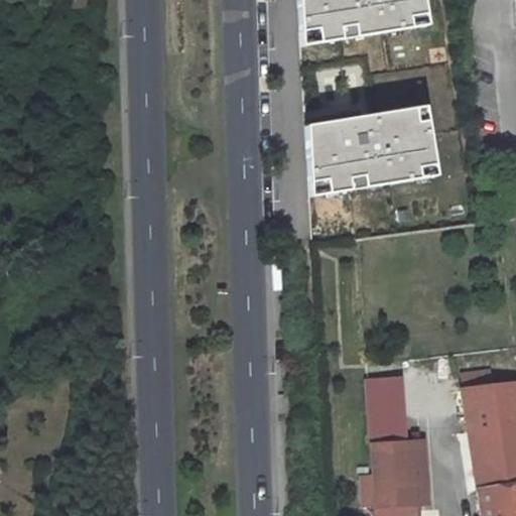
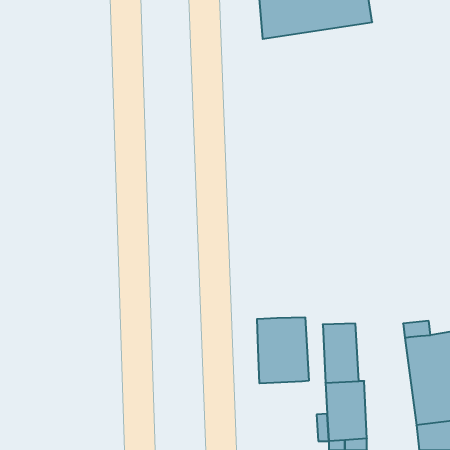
building: [306,106,436,195] -> none
building: none -> [257,317,309,383]

